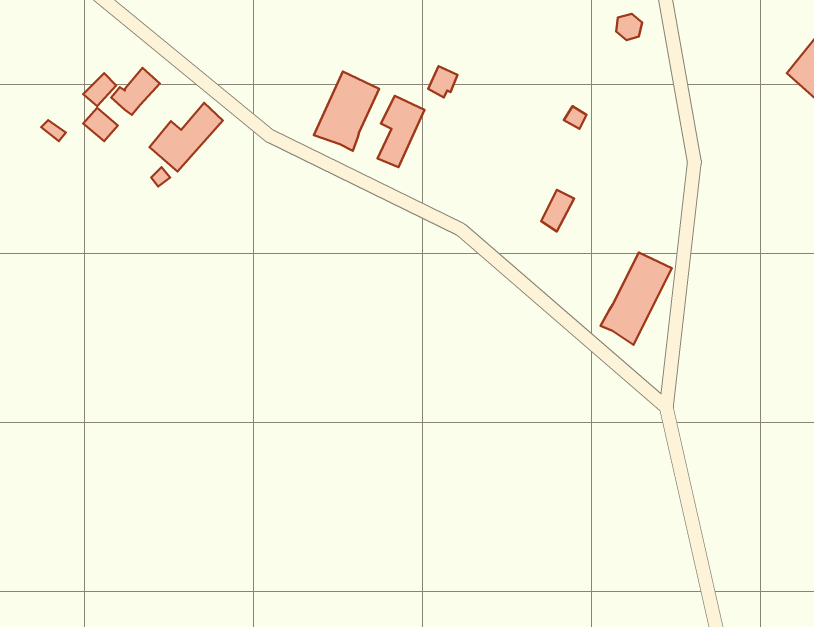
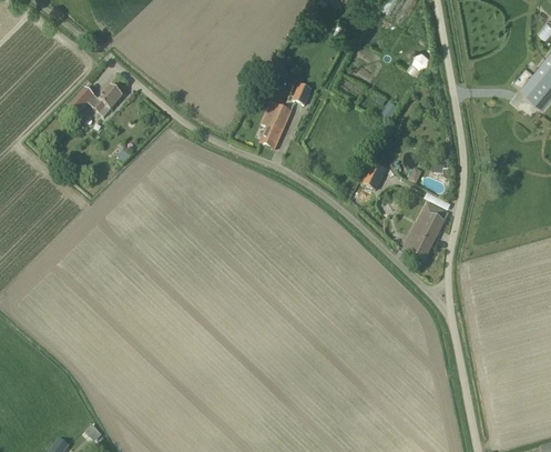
building: [314,71,379,151] -> none
building: [149,103,223,172] -> none

